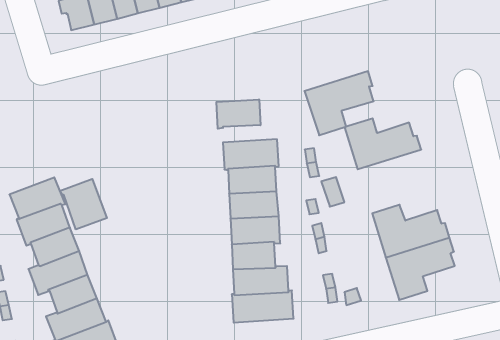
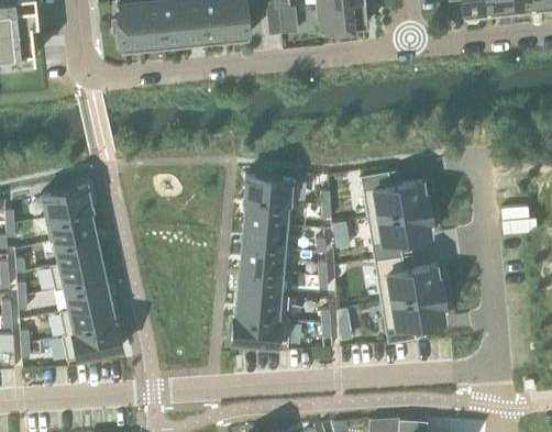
building: [304,71,374,135] -> [367,207,431,259]
building: [216,99,260,129] -> none
building: [60,179,107,229] -> none

